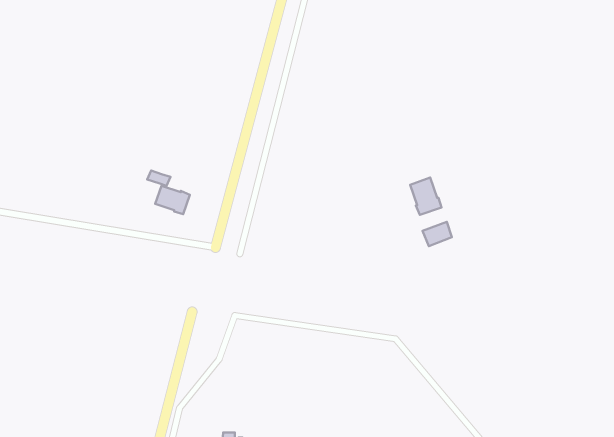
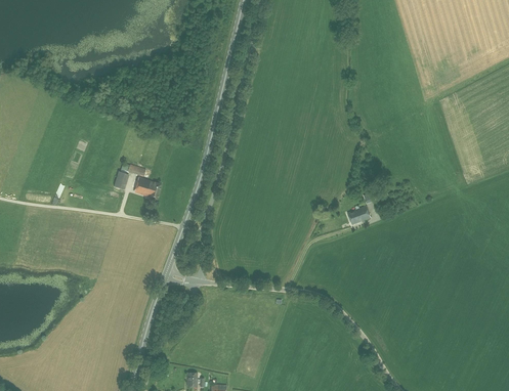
building: [410,177,441,215] -> none

